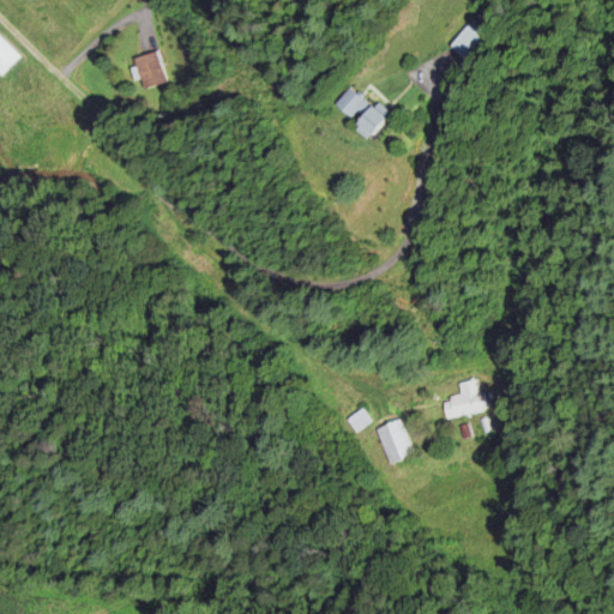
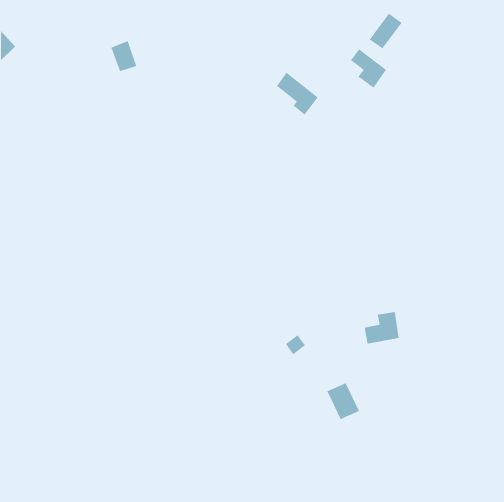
building: none -> [350,49,387,89]
building: [374,419,415,464] -> [326,382,360,420]

